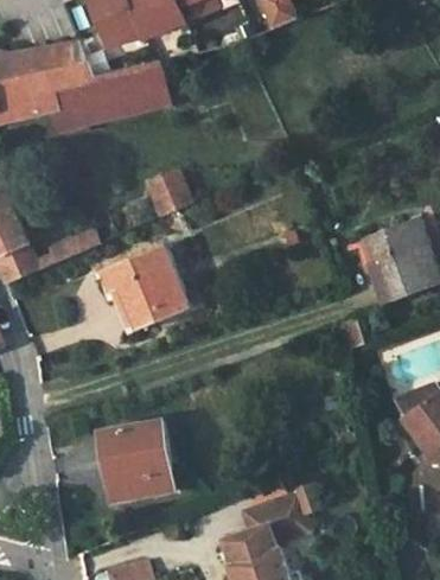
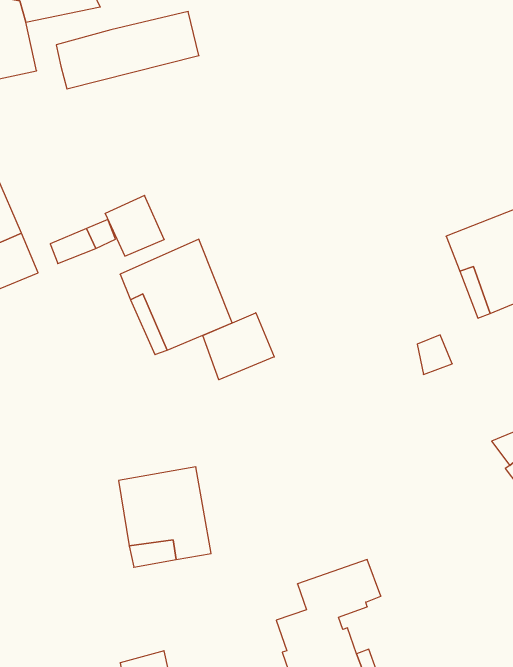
building: [27,62,94,111] -> none
building: [144,168,190,216] -> [105,195,164,256]
building: none -> [203,313,274,380]

